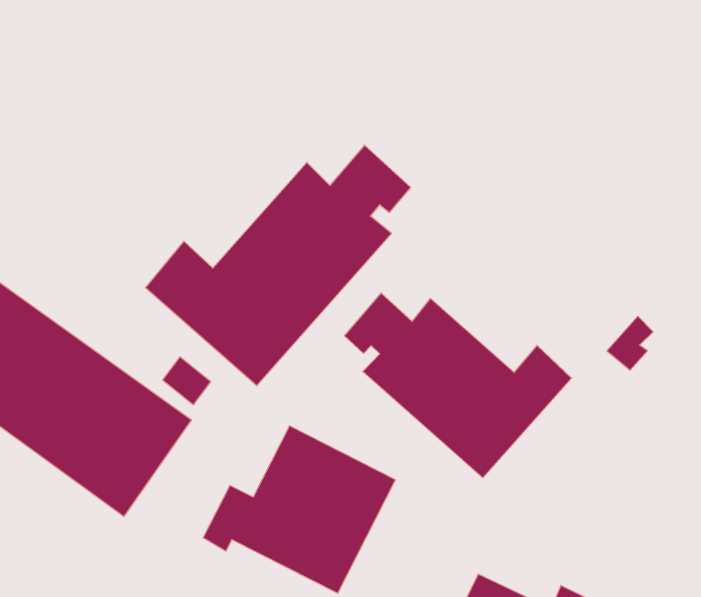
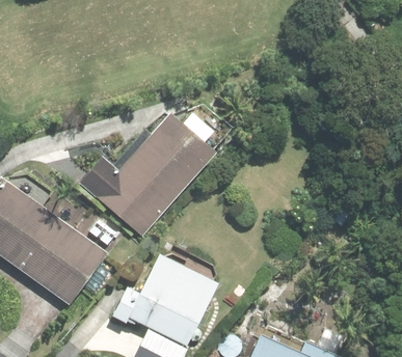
building: [345,293,572,478] -> none

